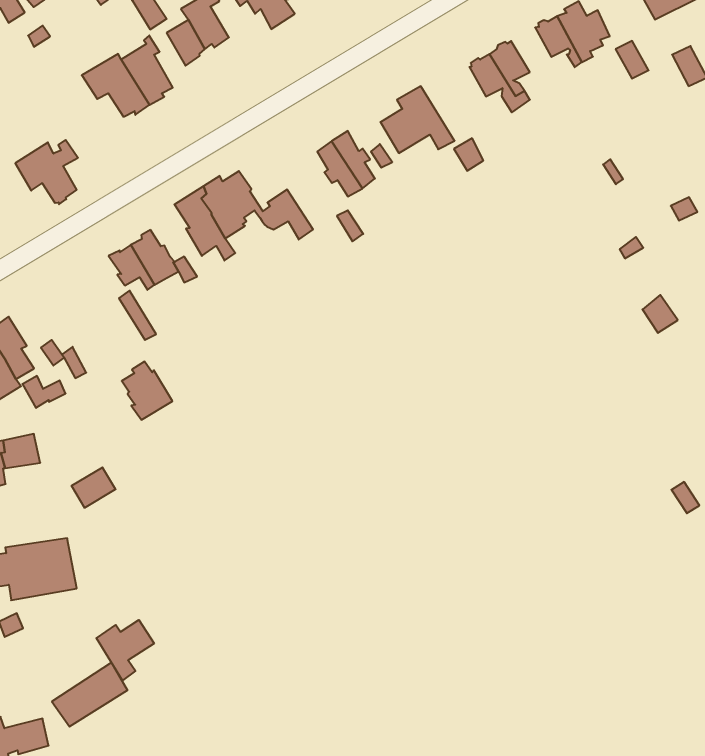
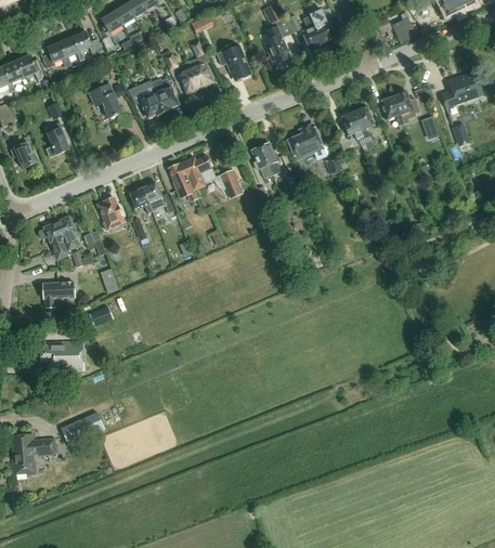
building: [15,140,78,204] -> [90,83,125,118]
building: [122,362,172,420] -> [99,198,125,230]
building: [96,620,154,680] -> none

